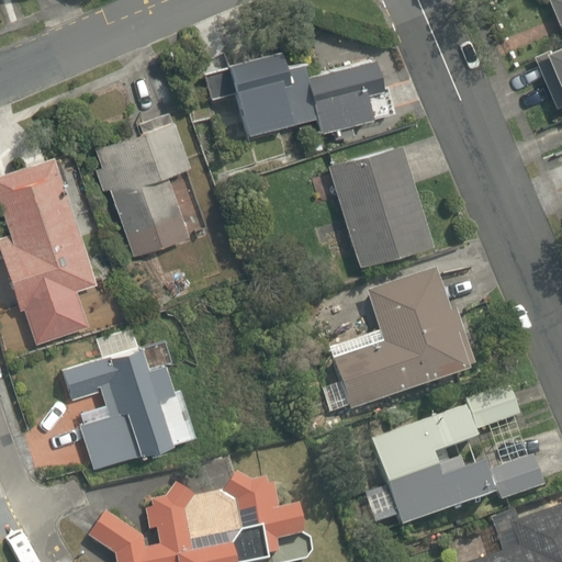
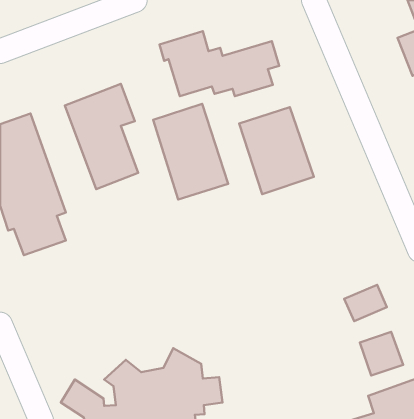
building: none -> [153,104,228,200]
building: [330,271,470,415] -> none
building: [65,342,191,469] -> none
building: [368,406,493,527] -> none

